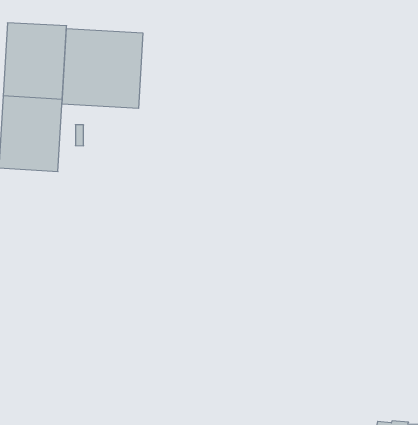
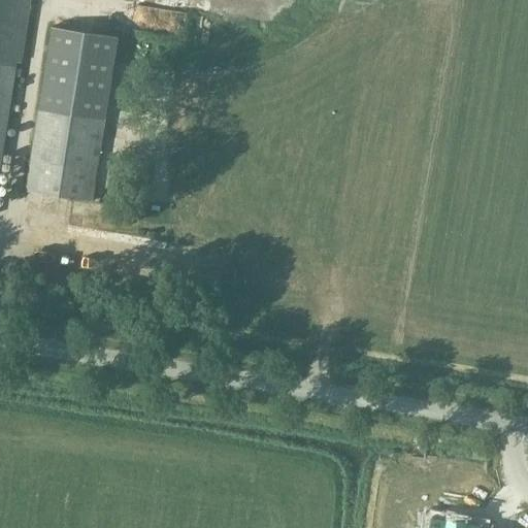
building: [62,29,143,108] -> none

